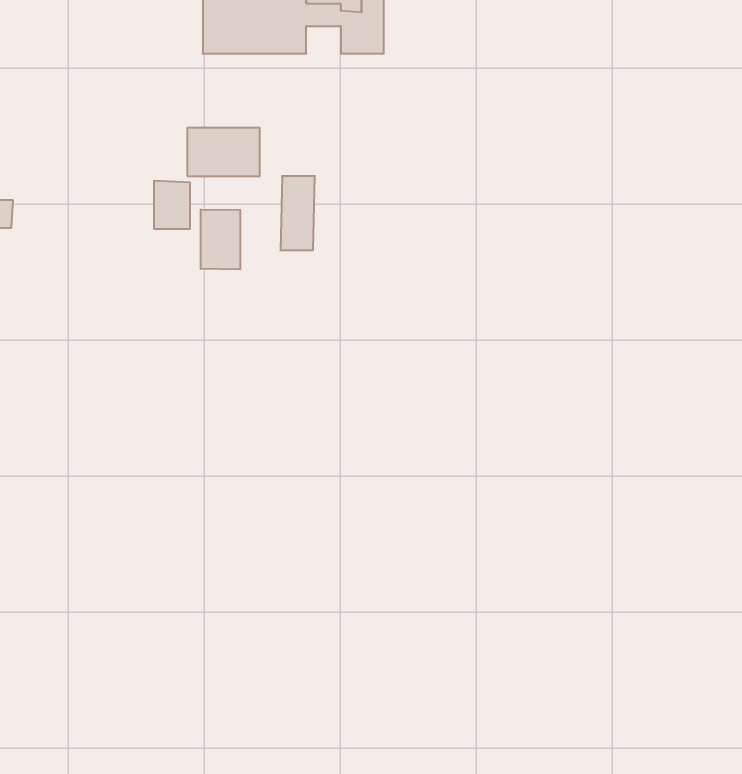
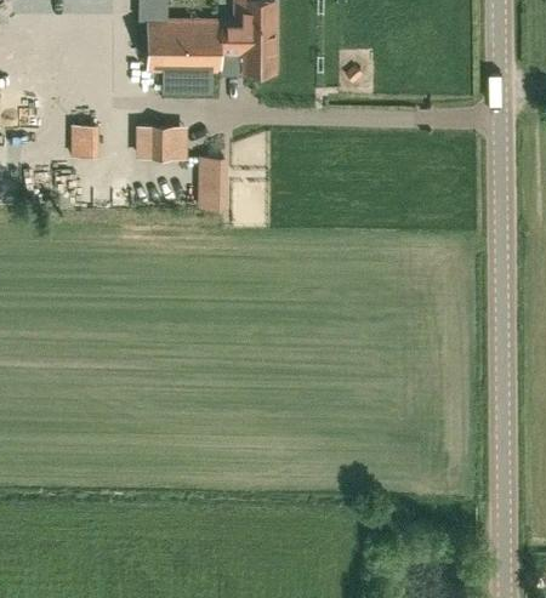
building: [154,181,190,229] -> [72,124,97,158]
building: [201,209,240,269] -> none

